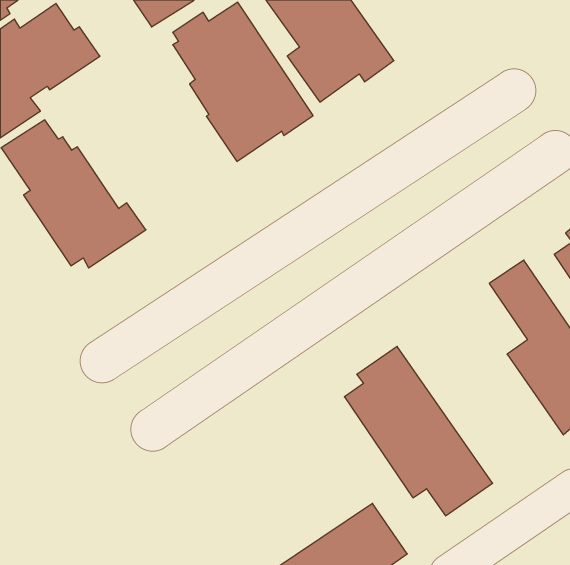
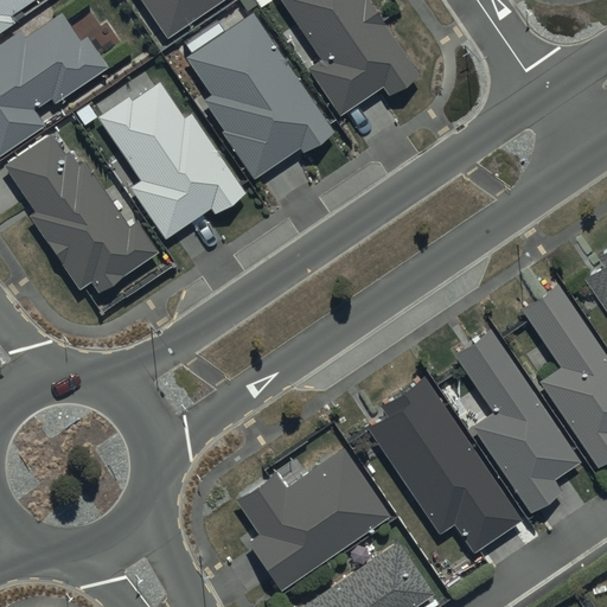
building: none -> [98,82,247,239]
building: none -> [452,328,581,512]
building: none -> [235,447,390,589]

